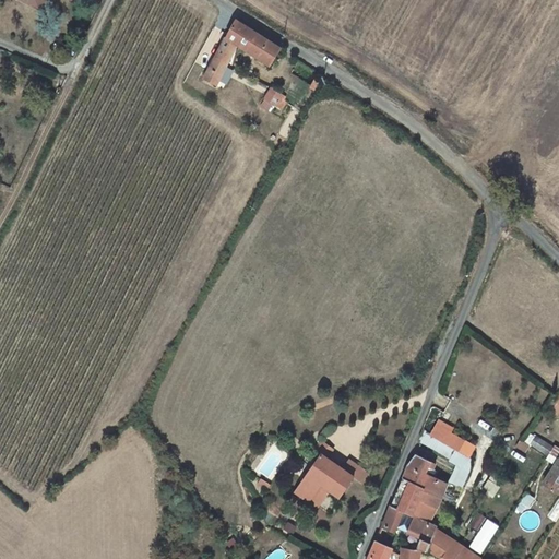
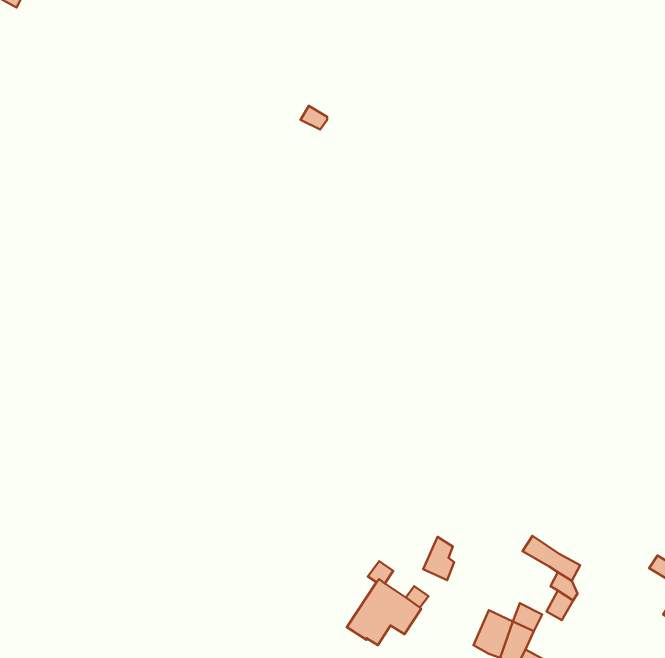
building: [199,22,277,85] -> none
building: [405,455,429,489] -> [423,537,454,580]

